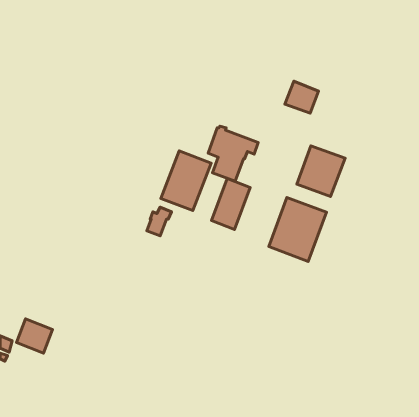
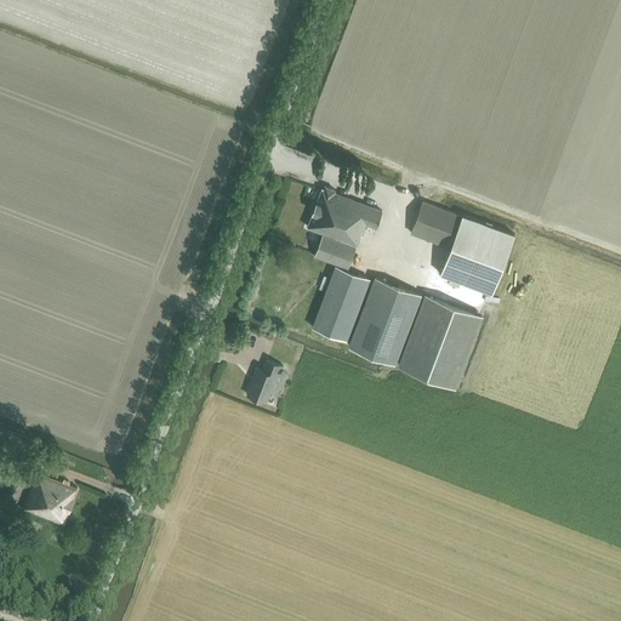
building: [285,81,318,113] -> [410,201,460,249]
building: [161,151,211,211] -> [348,278,422,366]
building: [147,207,172,236] -> [247,361,284,404]

